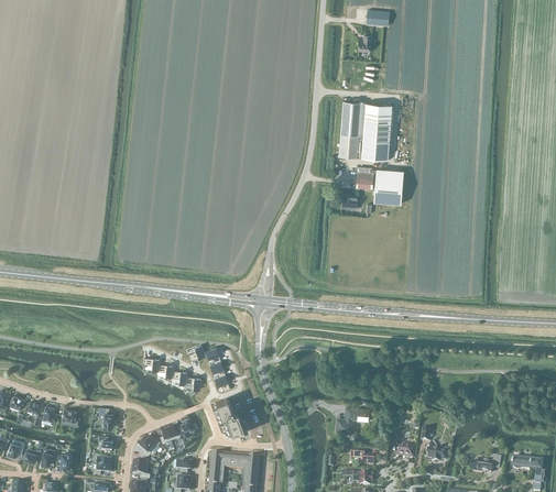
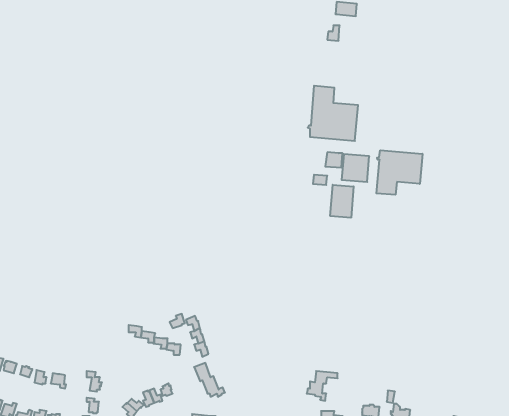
building: none -> [376,150,422,195]
building: none -> [330,185,354,218]

